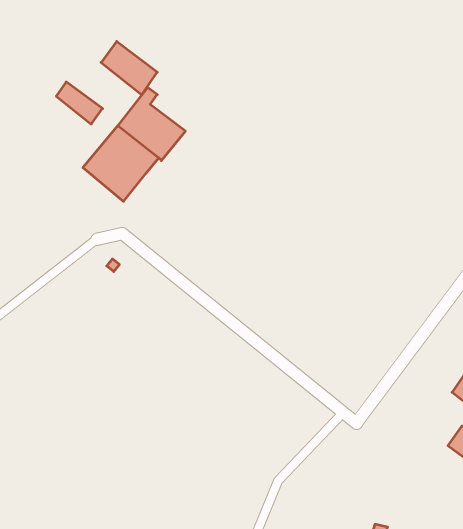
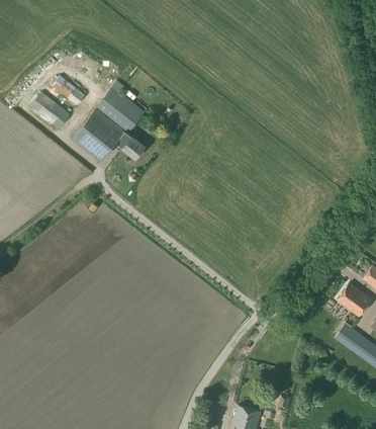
building: [101,41,157,95] -> [30,92,71,131]
building: none -> [117,131,146,158]

